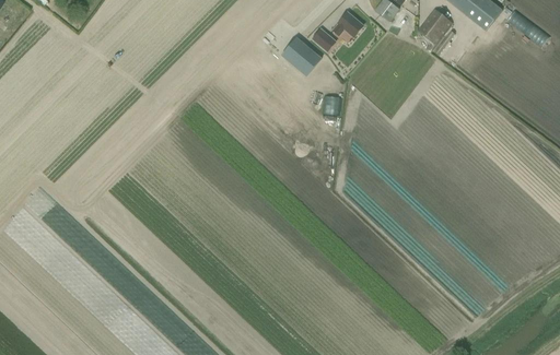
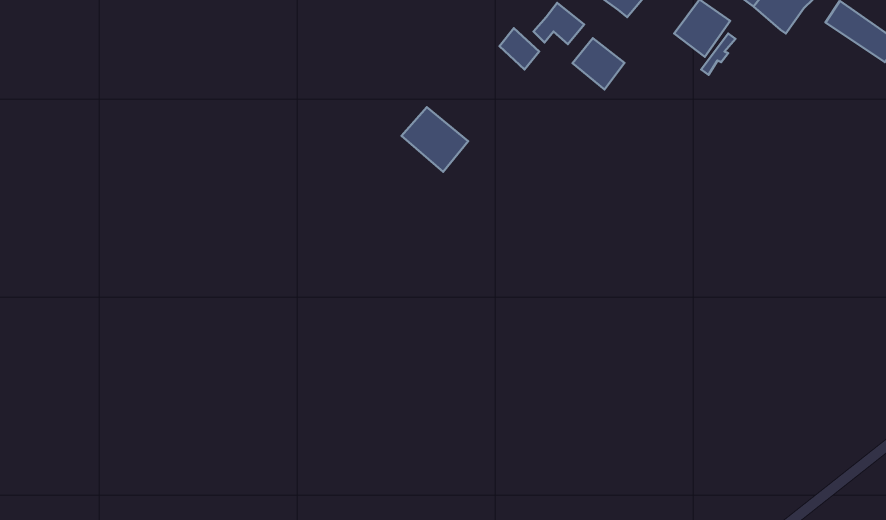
building: none -> [573,38,624,89]
building: [280,38,320,78] -> [402,107,468,172]

